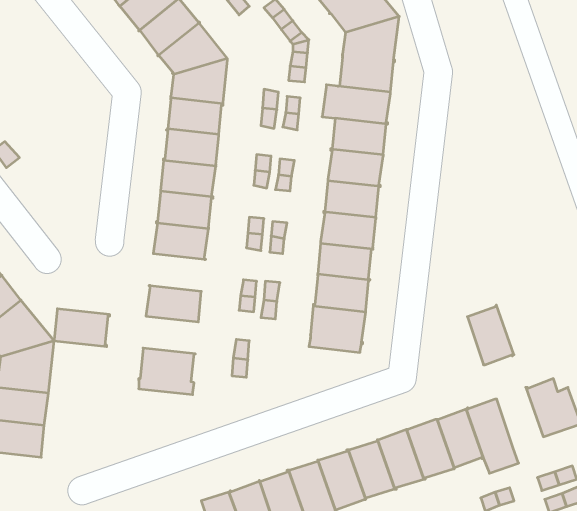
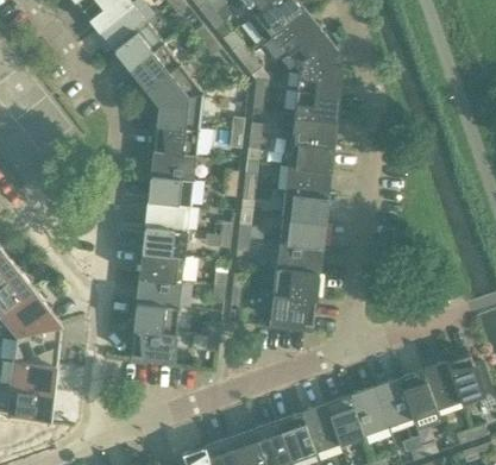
building: none -> [137,252,183,283]
building: [467,305,514,365] -> [421,362,459,410]
building: [54,309,110,347] -> [132,303,177,334]

